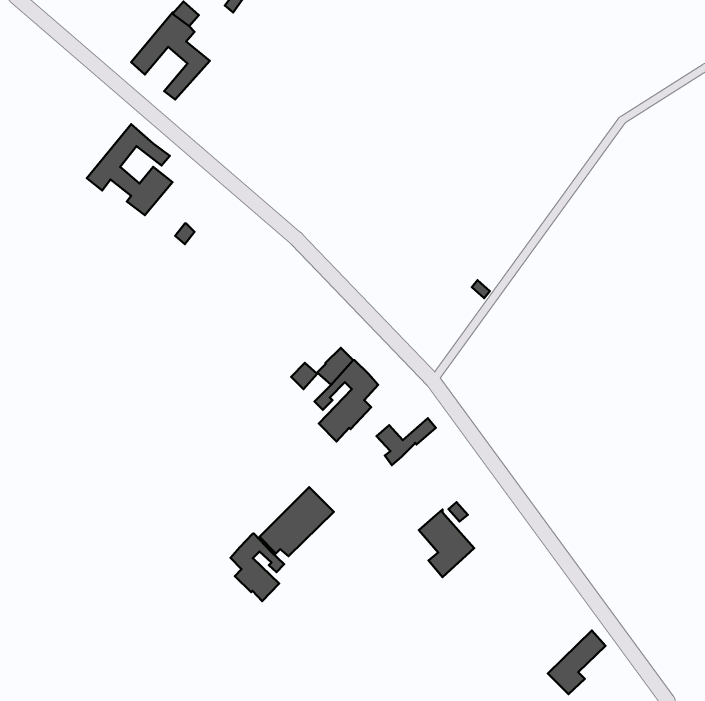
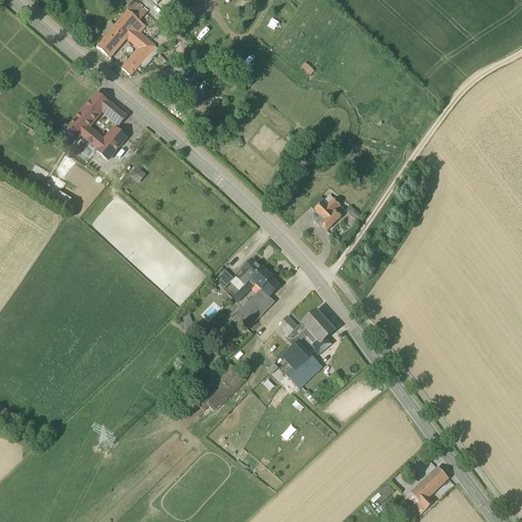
building: none -> [314,196,341,229]
building: none -> [306,316,334,343]
building: [419,510,474,577] -> [279,337,320,387]
building: [231,533,284,601] -> none

